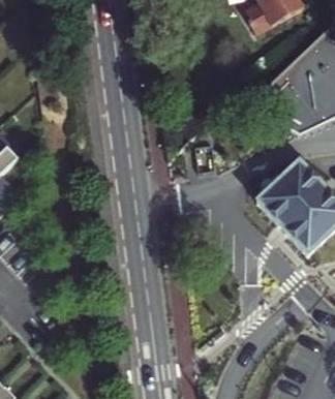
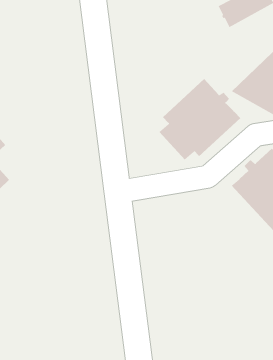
building: none -> [158,78,241,160]

